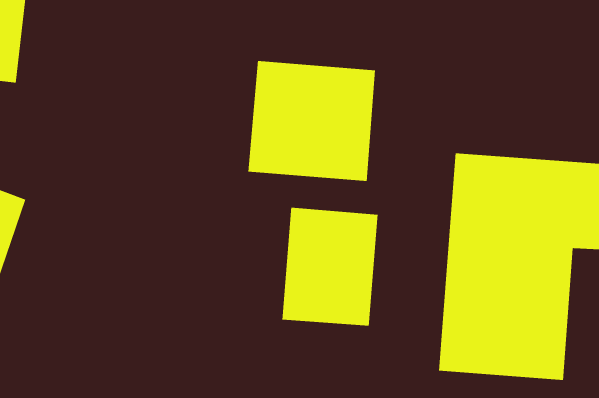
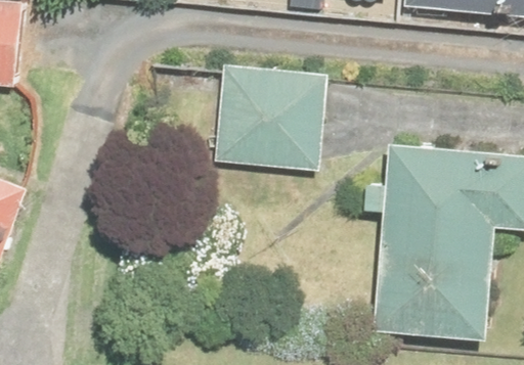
building: [282,207,378,326] -> none

